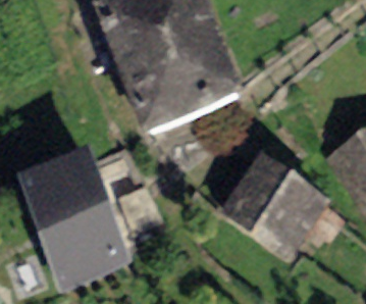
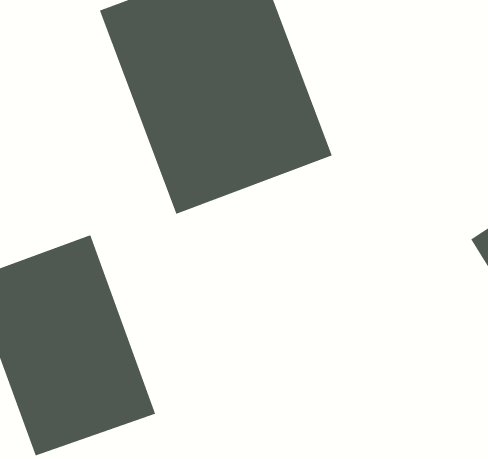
building: [216,152,325,258] -> none

